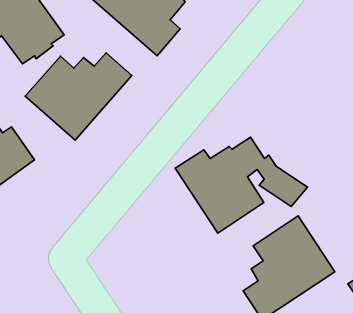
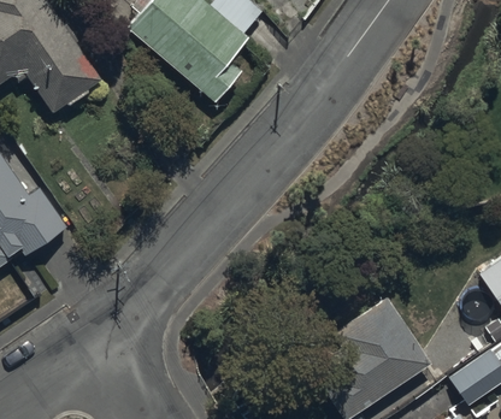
building: [25,53,132,140] -> none
building: [175,137,307,233] -> none

